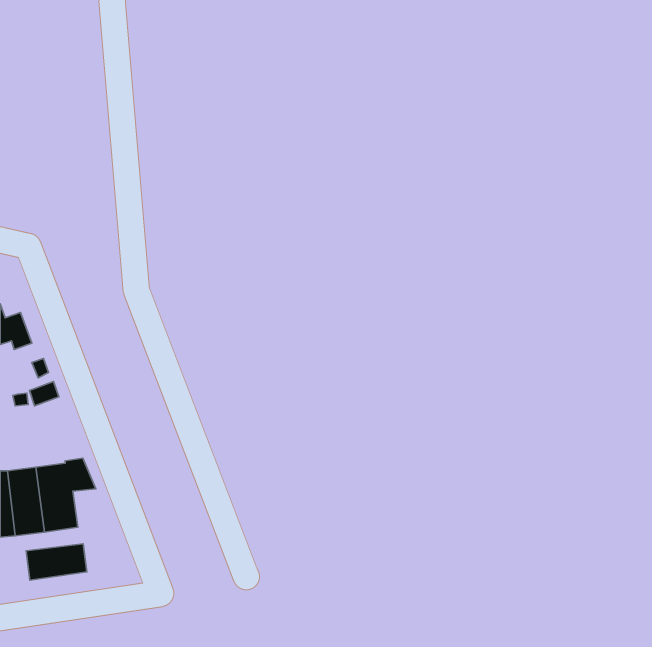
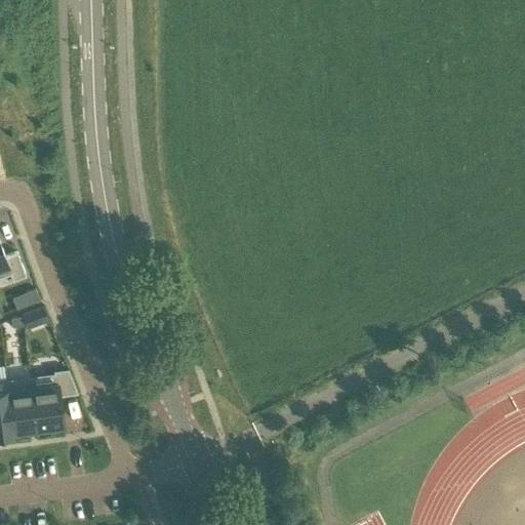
building: [26,544,87,580] -> none

